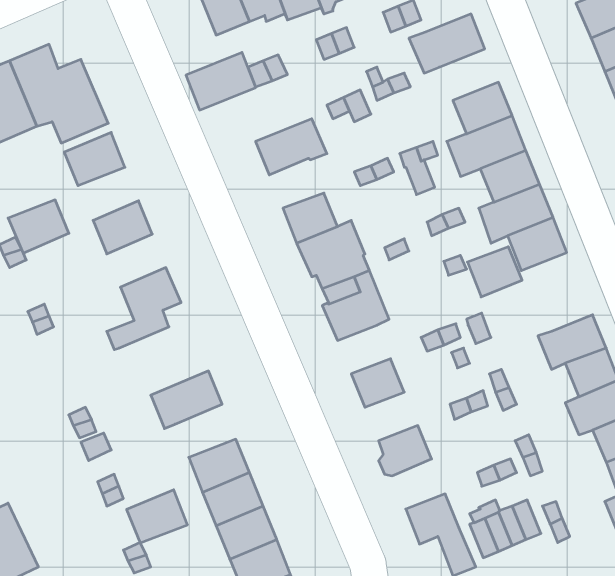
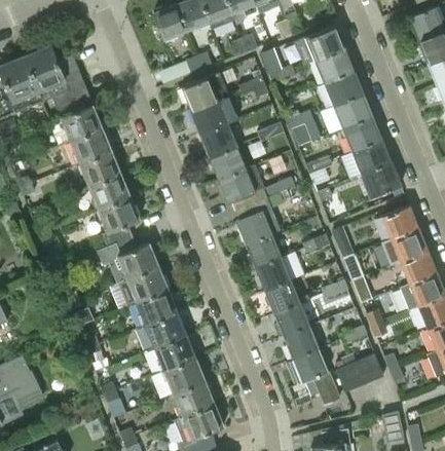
building: none -> [314,48,355,83]
building: [186,52,256,110] -> [181,72,228,111]
building: none -> [199,122,236,156]
building: [8,200,69,253] -> [70,128,111,164]
building: none -> [89,174,129,210]
building: [467,247,522,297] -> [381,205,418,239]
building: none -> [246,235,282,268]
building: none -> [98,236,158,284]
building: none -> [264,280,300,313]
building: none -> [283,326,319,360]
building: [127,490,187,543] -> [136,289,177,325]

